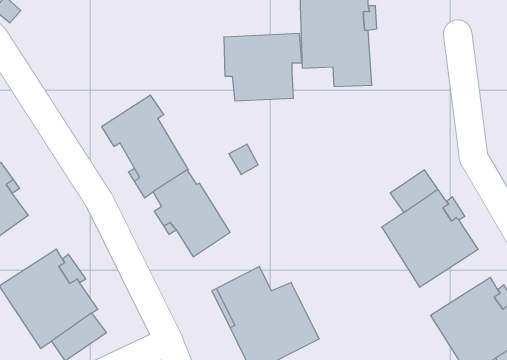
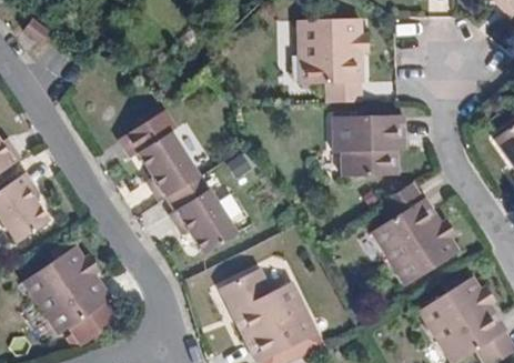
building: [224,33,302,101] -> [331,114,402,175]

